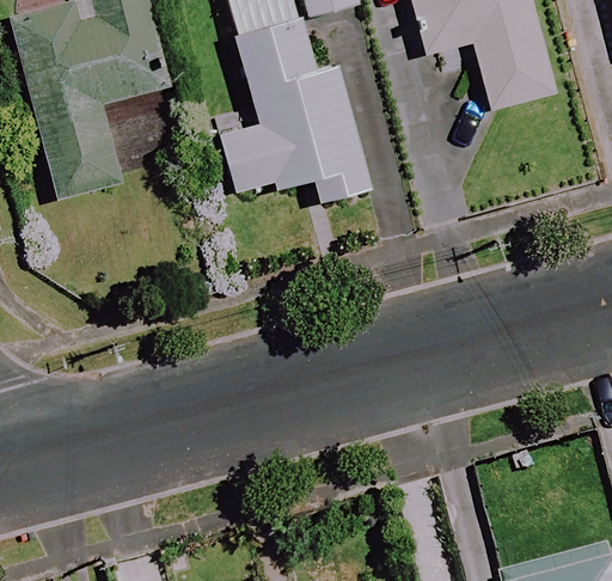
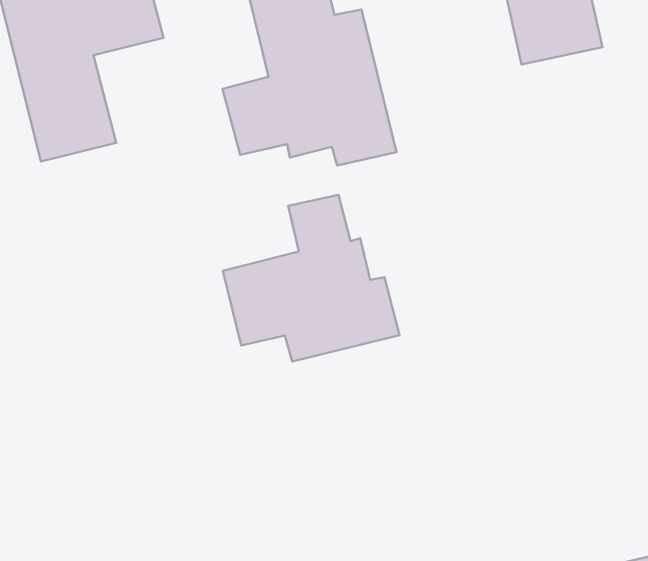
building: none -> [223,195,400,362]

